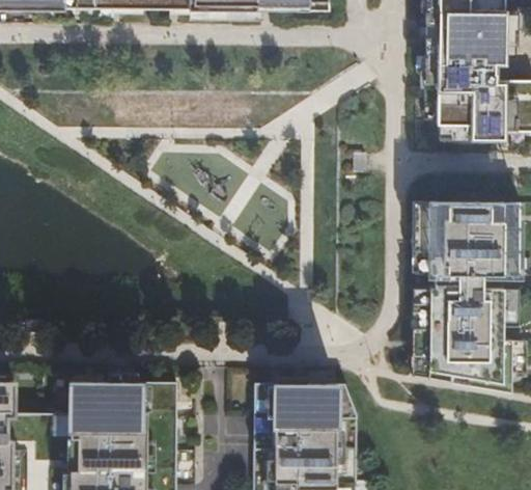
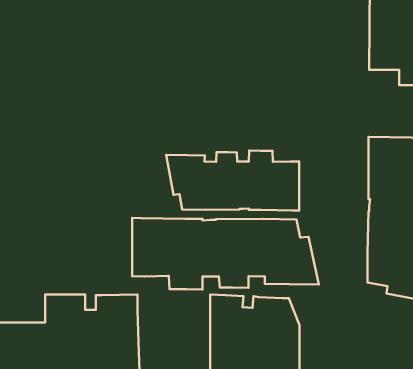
building: none -> [166,151,299,211]
building: none -> [132,218,319,290]

